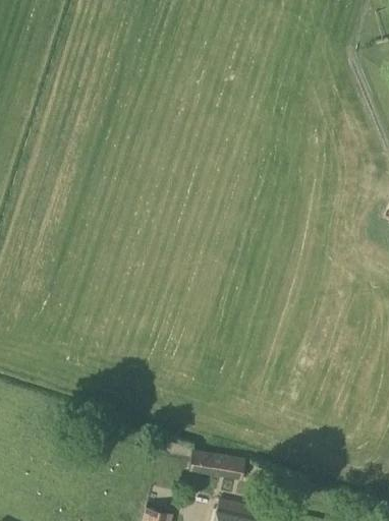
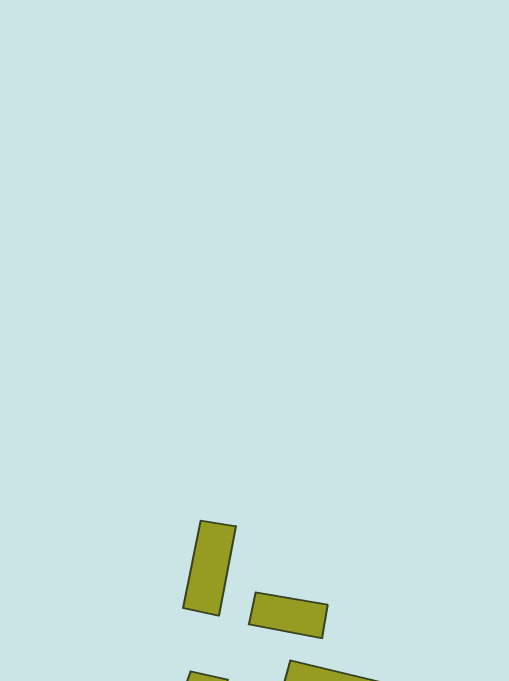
building: none -> [183,521,236,616]

